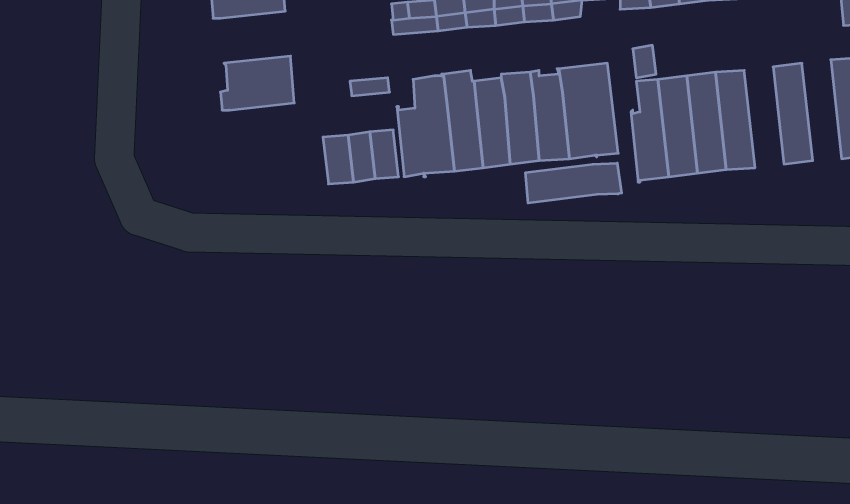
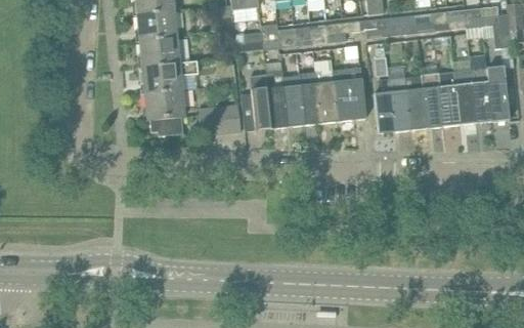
building: none -> [139,38,181,69]
building: none -> [472,66,494,123]
building: none -> [439,70,462,127]
building: none -> [144,90,186,136]
building: [526,163,622,203] -> none

